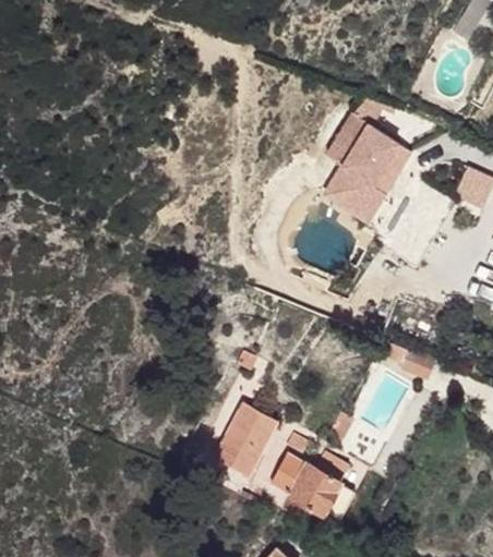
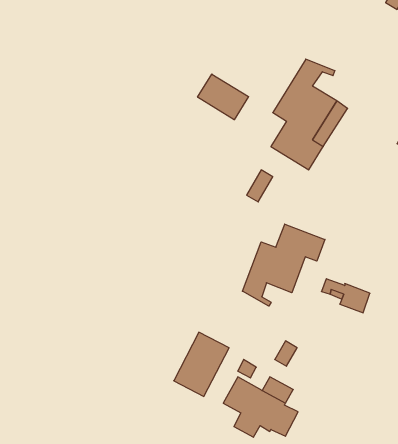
building: none -> [198,74,249,120]
building: none -> [242,224,325,306]

